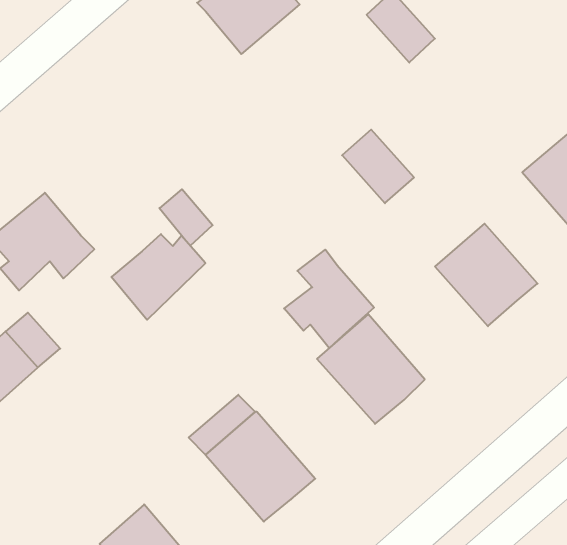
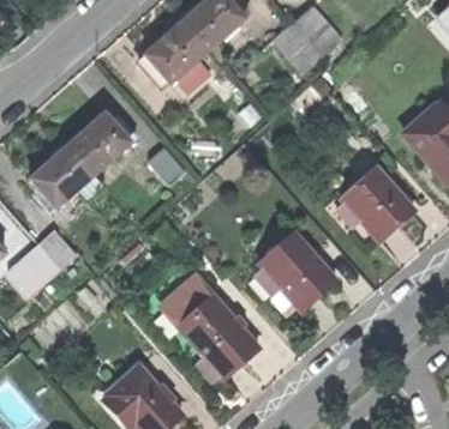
building: none -> [136,19,209,93]
building: [342,130,414,203] -> [274,22,324,73]
building: [111,234,205,320] -> [68,116,134,176]
building: [284,250,374,348] -> none

